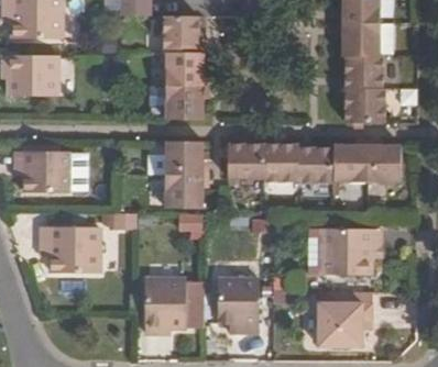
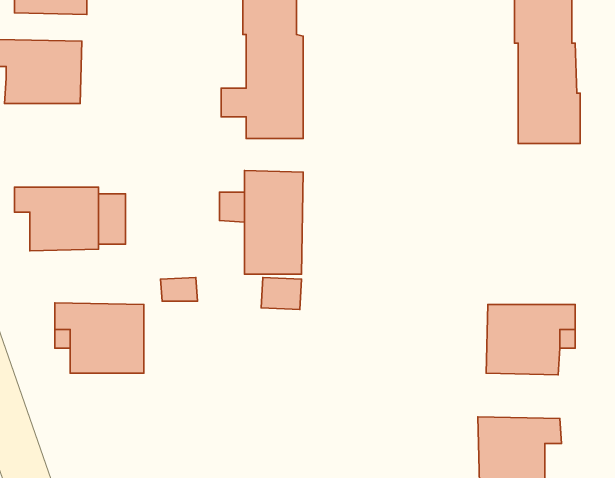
building: [228,144,402,182] -> none
building: [144,278,204,334] -> none
building: [218,279,260,334] -> none

